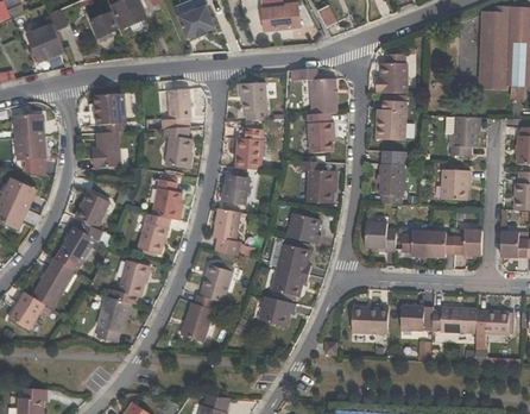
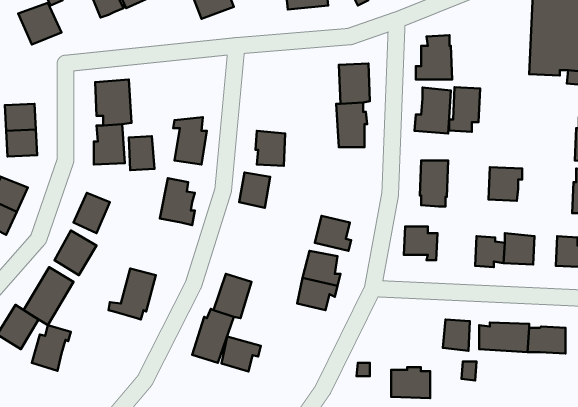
building: [239,82,266,120] -> none
building: [168,89,190,119] -> [129,136,155,170]
building: [452,117,479,156] -> [449,87,480,132]
building: [299,161,333,203] -> none
building: [212,208,239,253] -> none
building: [137,214,170,253] -> none
building: [403,231,430,257] -> none
building: [260,296,295,327] -> [222,336,261,371]
building: [96,297,131,338] -> [32,325,71,371]
building: [353,307,387,334] -> [391,367,430,398]

